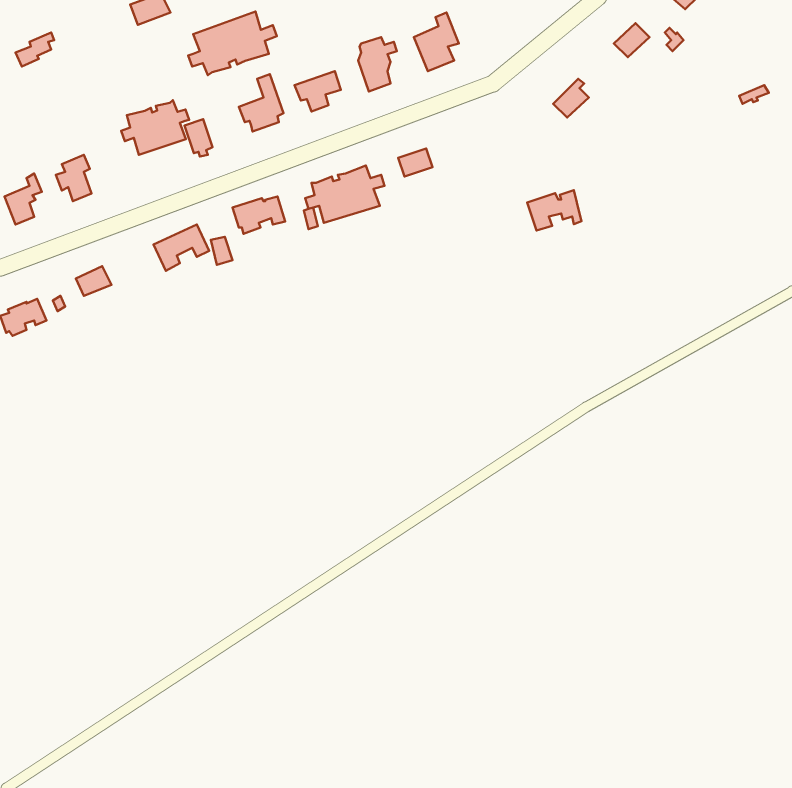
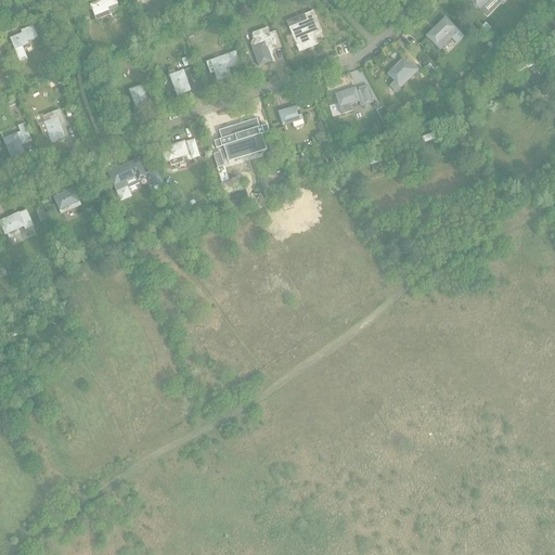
building: [188,12,277,75] -> none
building: [121,100,189,155] -> none
building: [527,190,581,230] -> [335,83,373,112]

